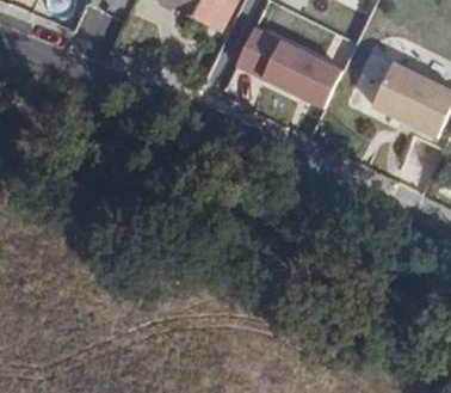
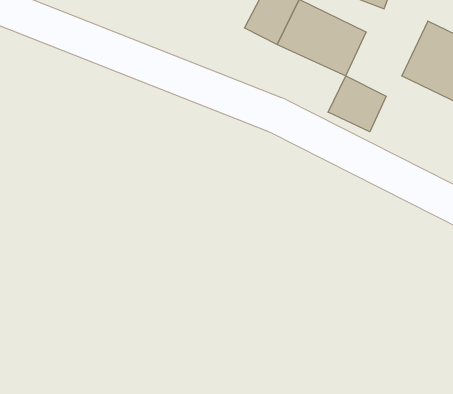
building: none -> [328,76,386,132]

